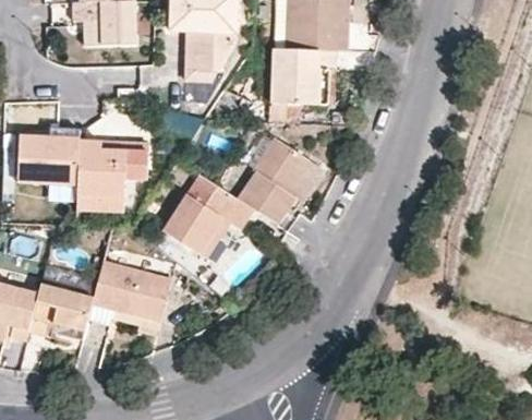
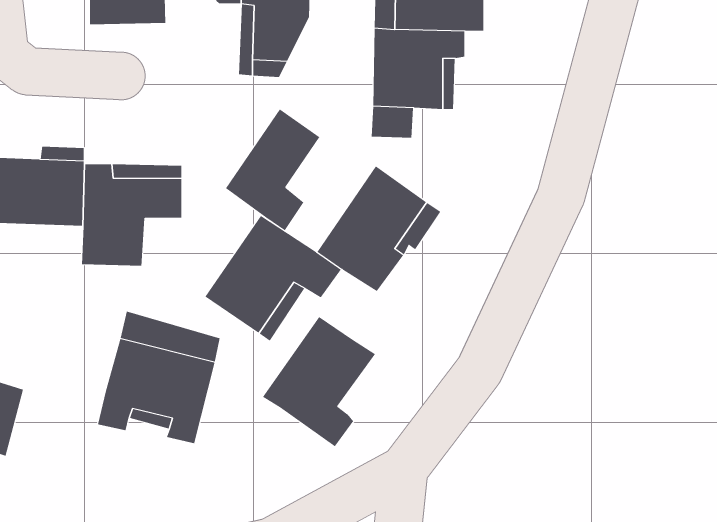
building: none -> [225,109,320,231]
building: none -> [262,316,376,447]
building: [28,281,93,338] -> none

